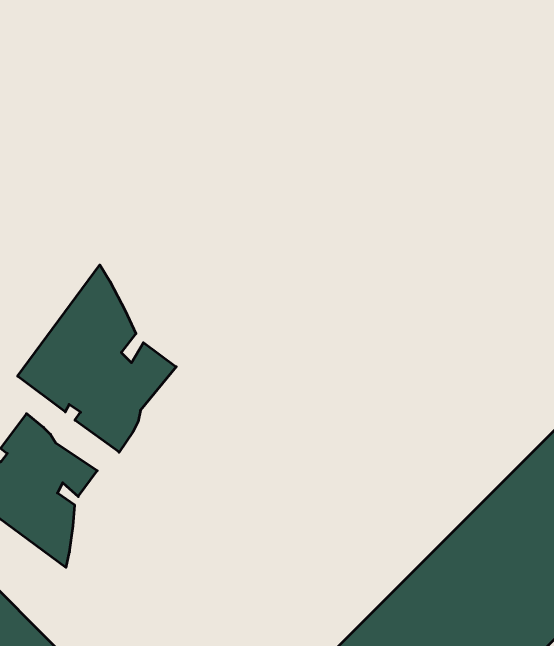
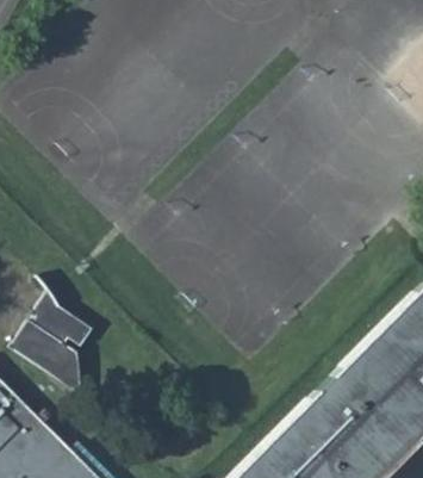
building: [18,265,176,452] -> none

